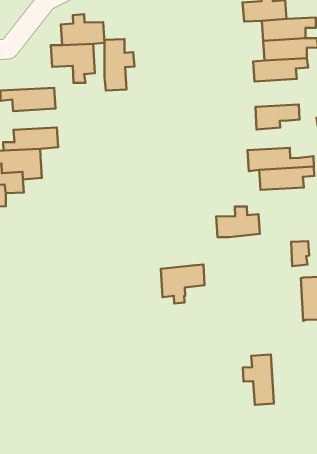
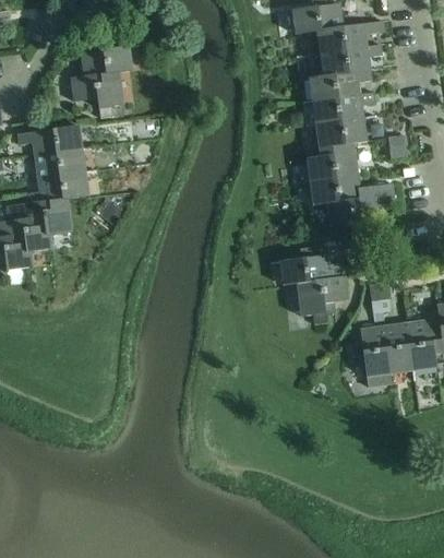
building: [104,39,134,90] -> none
building: none -> [311,92,374,130]
building: none -> [33,150,85,178]
building: none -> [305,143,358,181]
building: [161,264,205,304] -> [295,275,347,323]
building: [243,355,274,405] -> [350,325,389,385]

